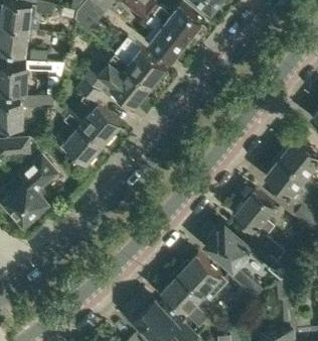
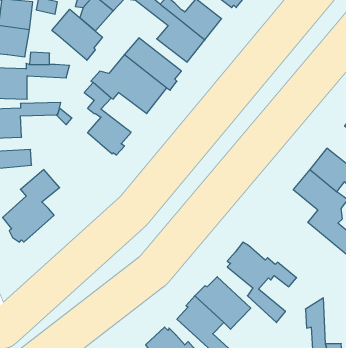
building: none -> [52,9,102,60]
building: [63,114,104,162] -> none
building: [234,191,285,261] -> none

